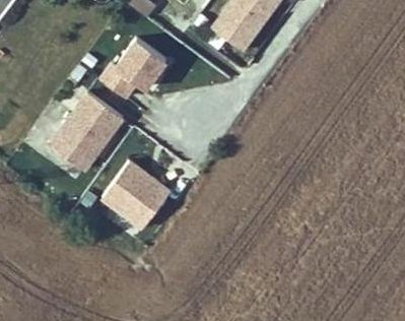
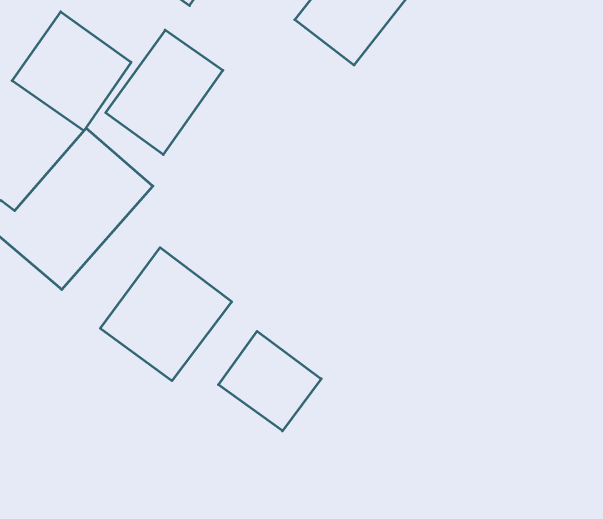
building: none -> [12,12,131,131]
building: none -> [218,331,321,431]

